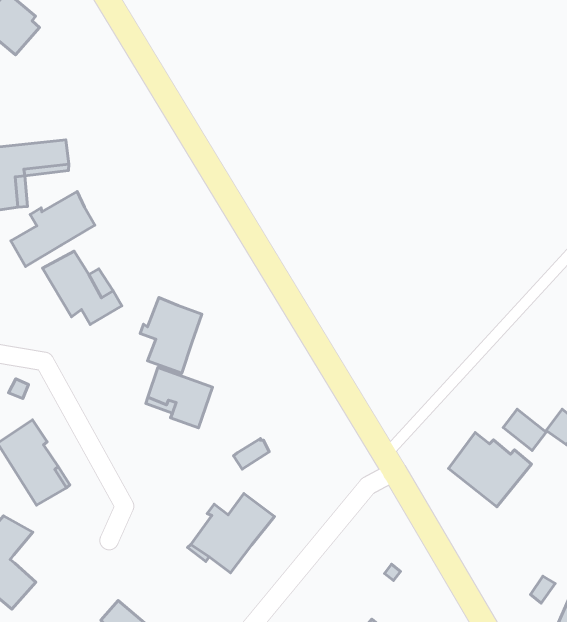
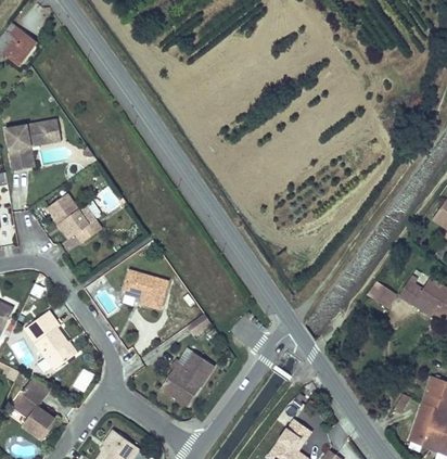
building: [11,192,95,267] -> none
building: [140,297,202,373] -> none
building: [448,433,531,507] -> none

